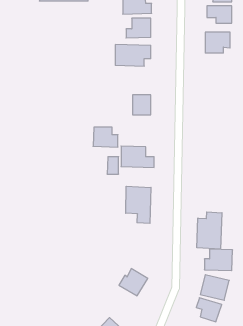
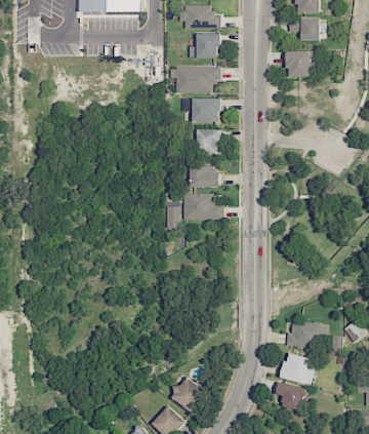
building: none -> [182,98,220,122]
building: [93,127,118,147] -> [190,163,220,188]
building: [126,186,151,223] -> none
building: [197,212,222,249] -> none
building: [119,269,148,296] -> [170,378,206,411]

